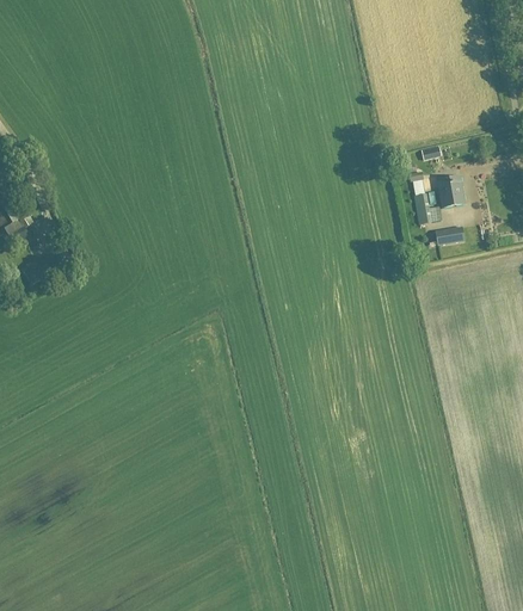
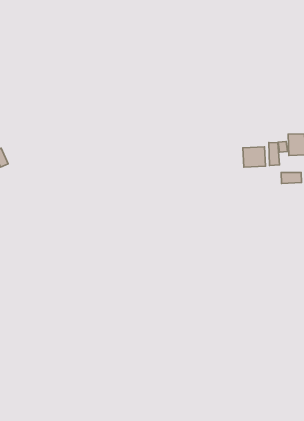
building: none -> [243,147,265,167]

